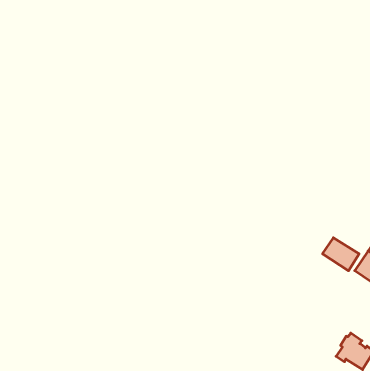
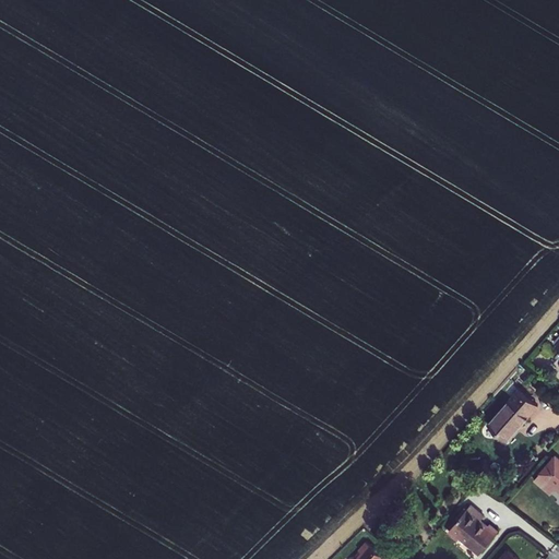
building: [323,238,359,271] -> none

